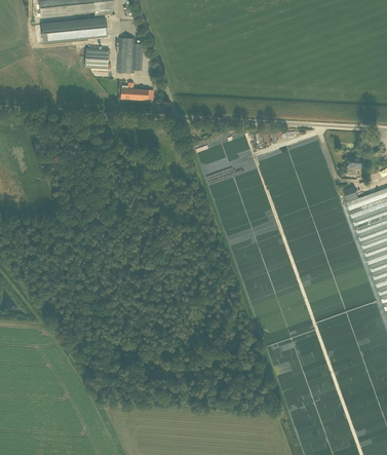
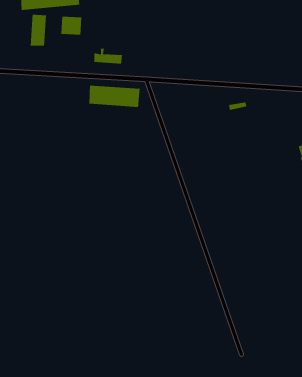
building: [117,37,136,72] -> [30,14,47,46]
building: none -> [89,85,140,108]

